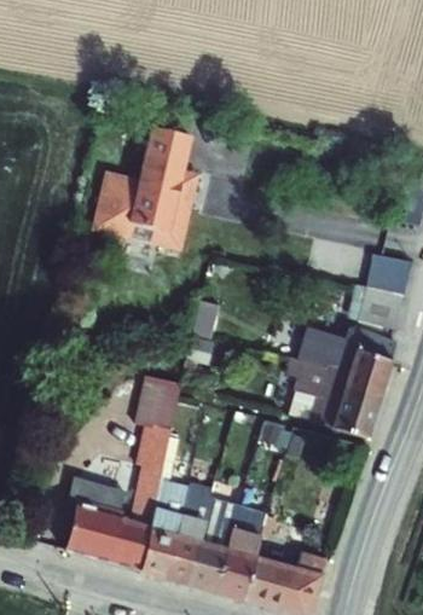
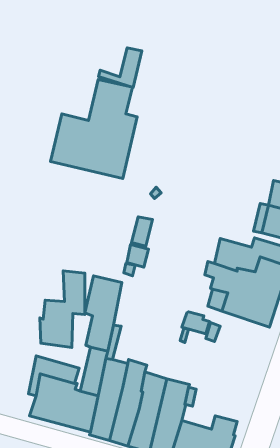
building: none -> [99,48,142,87]
building: none -> [40,271,85,347]

